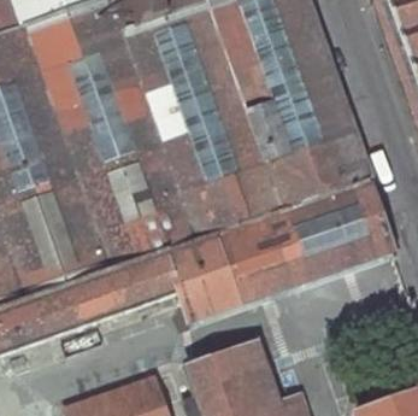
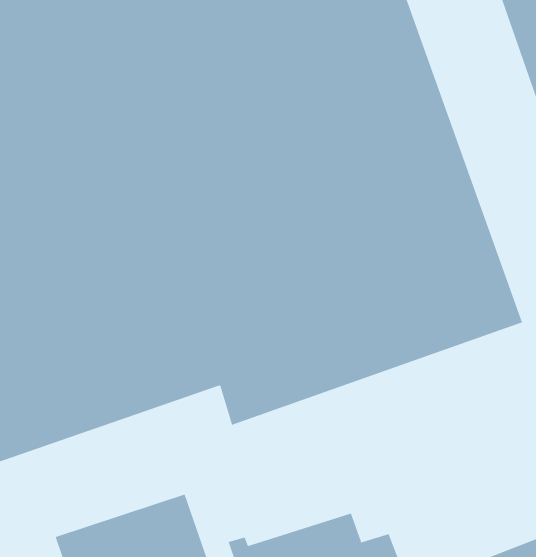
building: [188,344,272,403] -> none

